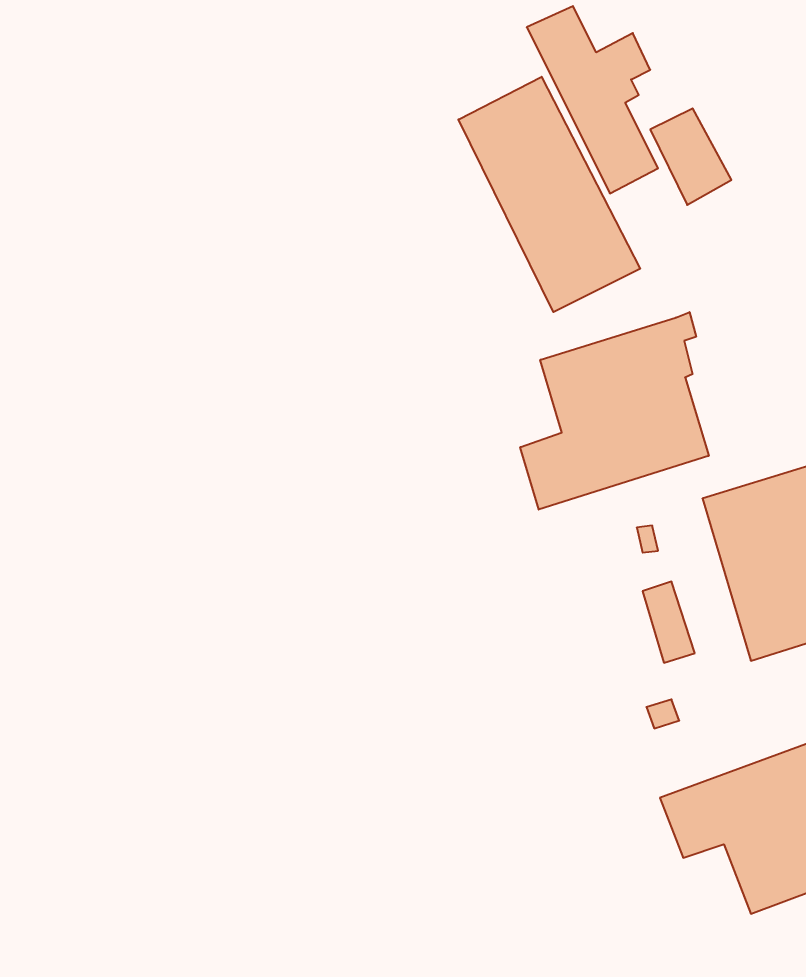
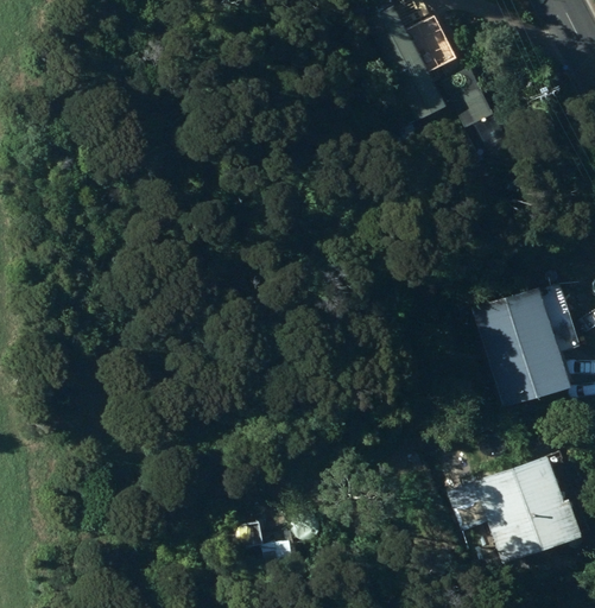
building: [458,77,640,312] -> none
building: [520,312,709,510] -> none

